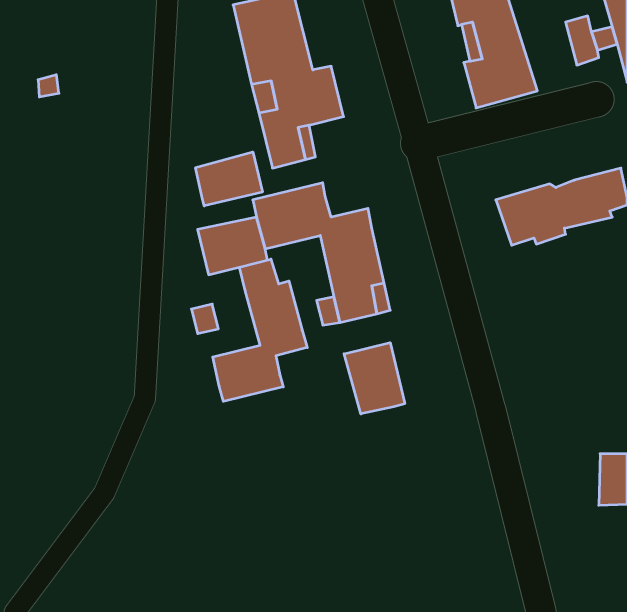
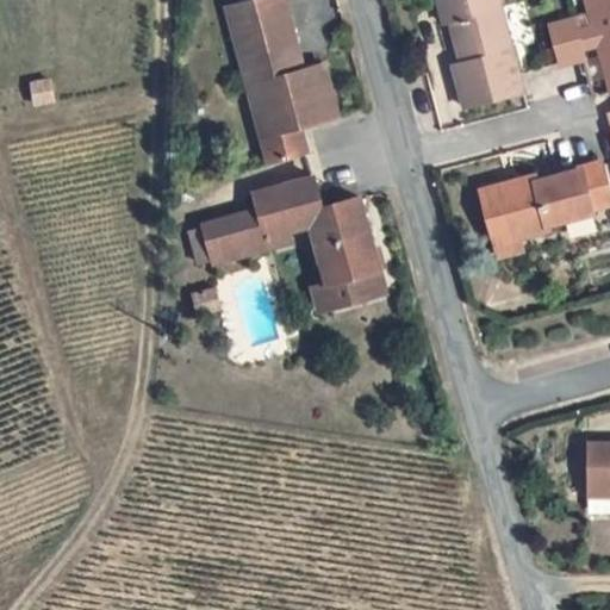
building: [196,152,262,206] -> none
building: [213,259,307,401] -> none
building: [344,343,405,414] -> none

